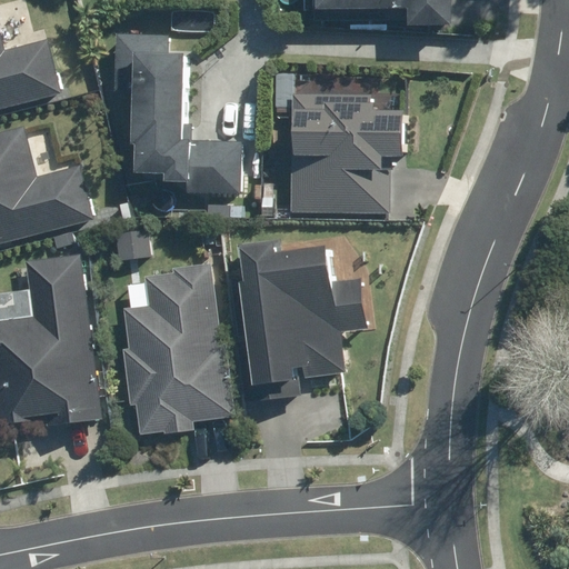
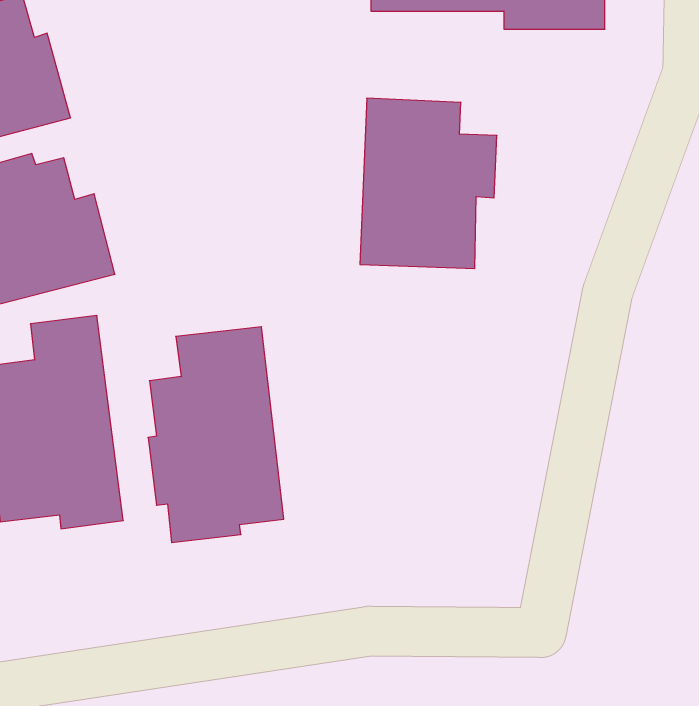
building: [112,36,244,197] -> none
building: [243,242,362,398] -> none

